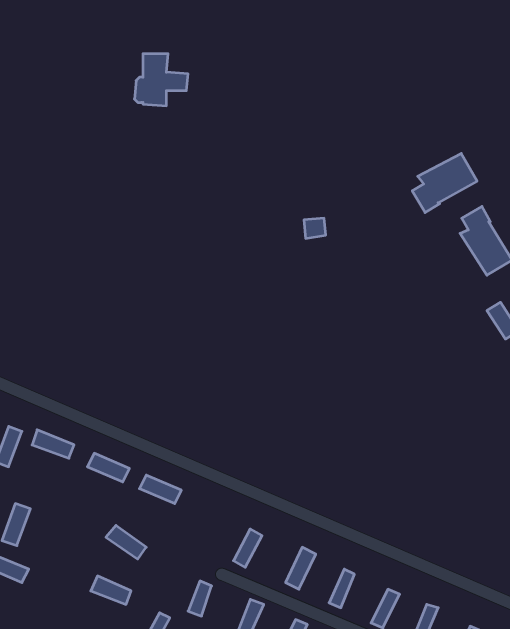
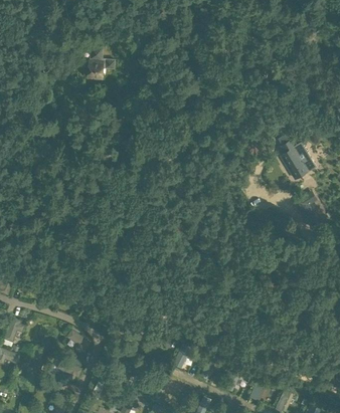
building: [412,153,477,213] -> none

